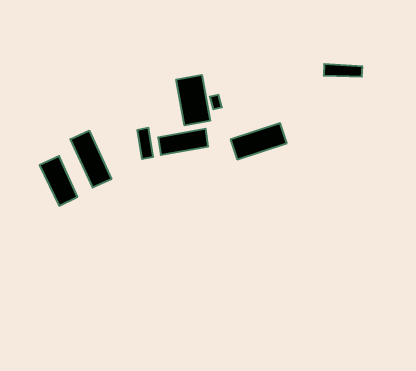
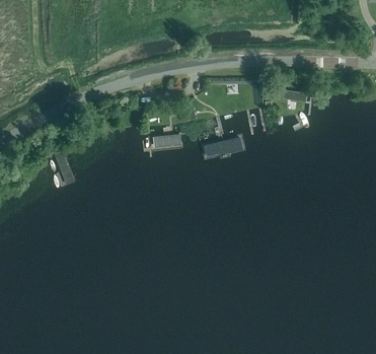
building: [176,75,210,125] -> none
building: [70,131,111,188] -> none

